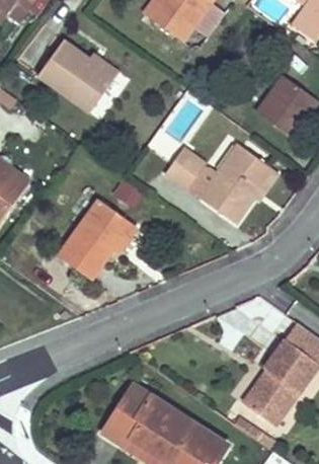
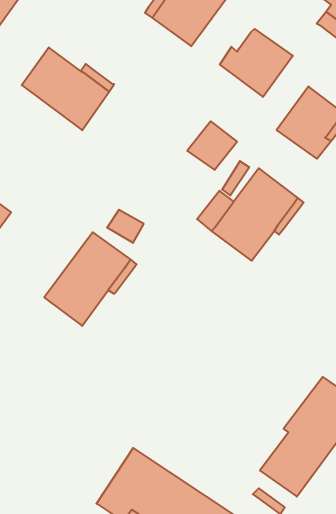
building: none -> [220,29,293,97]
building: [165,147,208,188] -> [187,121,237,170]

